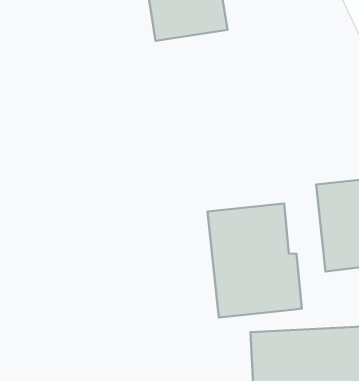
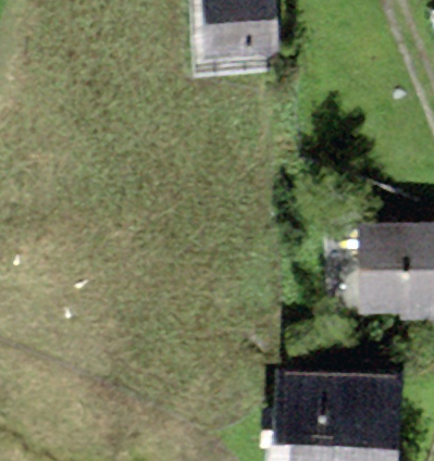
building: [208,204,302,317] -> none

